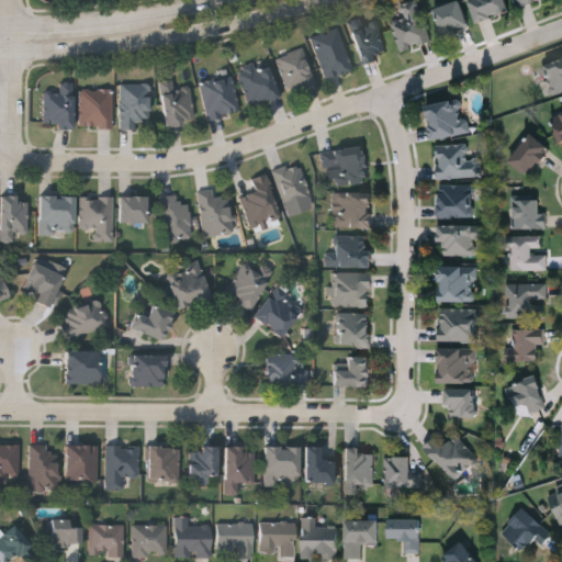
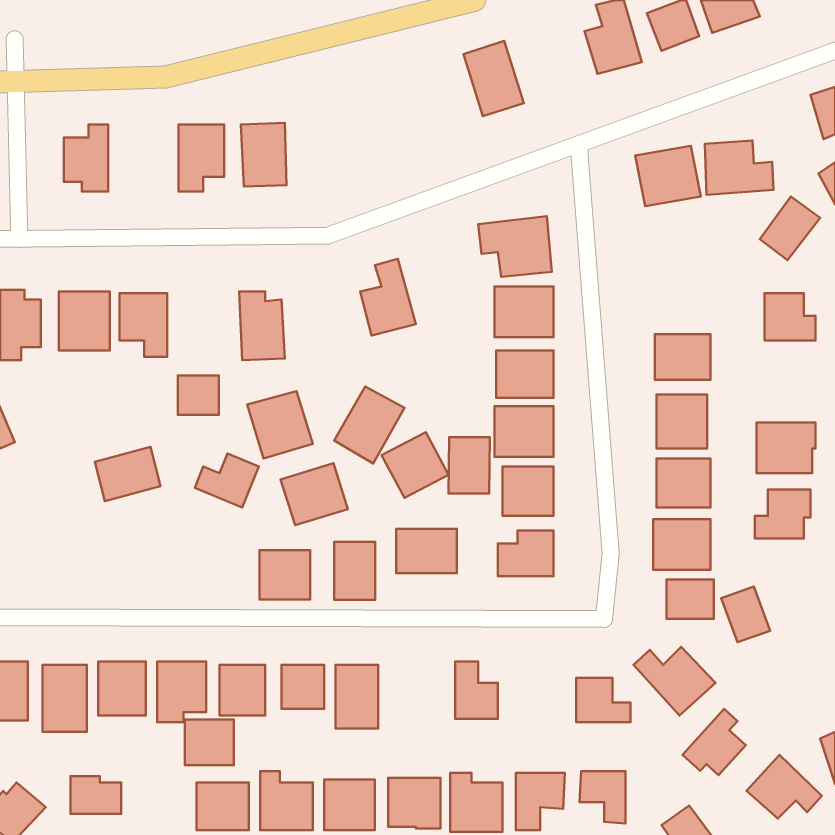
building: [347,18,389,65] -> none
building: [276,48,316,94] -> none
building: [237,60,278,106] -> none
building: [200,76,239,119] -> none
building: [79,89,112,128] -> none
building: [436,143,482,179] -> [705,141,774,195]
building: [271,161,312,207] -> none
building: [438,186,473,217] -> none
building: [199,191,233,237] -> none
building: [119,198,146,224] -> [178,375,219,415]
building: [507,236,548,271] -> none
building: [22,265,64,308] -> none
building: none -> [449,437,490,494]
building: none -> [281,463,348,525]
building: [66,351,100,384] -> none
building: [130,355,164,387] -> [259,550,310,599]
building: none -> [334,542,375,600]
building: [514,376,547,414] -> [721,587,770,642]
building: [265,446,299,484] -> none
building: [345,447,374,483] -> none
building: none -> [683,709,746,775]
building: [90,526,123,557] -> [185,719,234,765]

